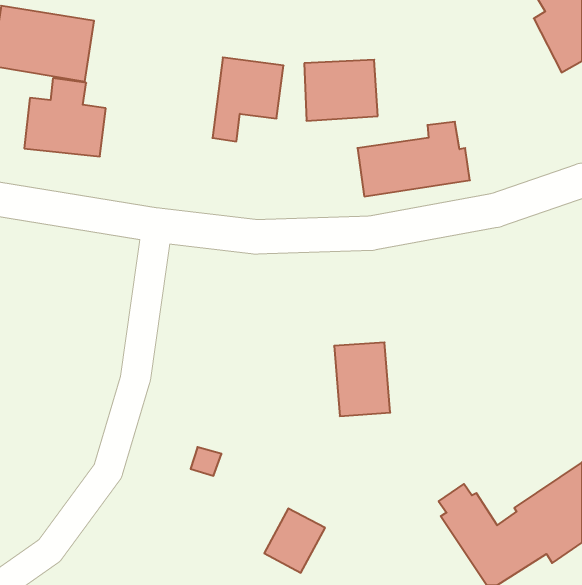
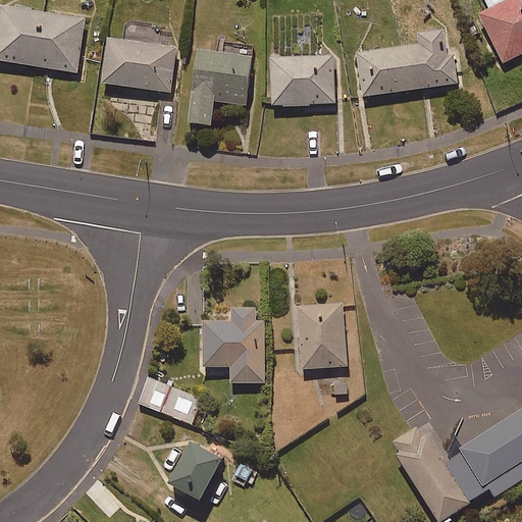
building: [24,78,106,156] -> [103,22,175,92]
building: [357,122,470,196] -> [357,31,457,97]
building: none -> [202,308,264,383]
building: [264,508,325,573] -> [170,443,224,501]

